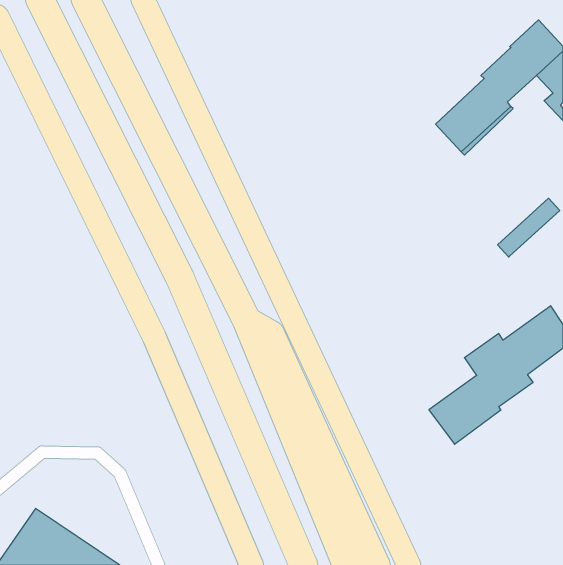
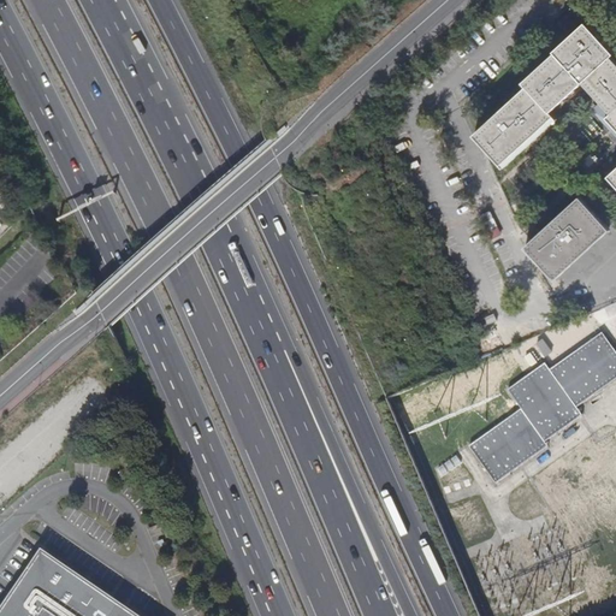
building: none -> [523,196,596,266]

